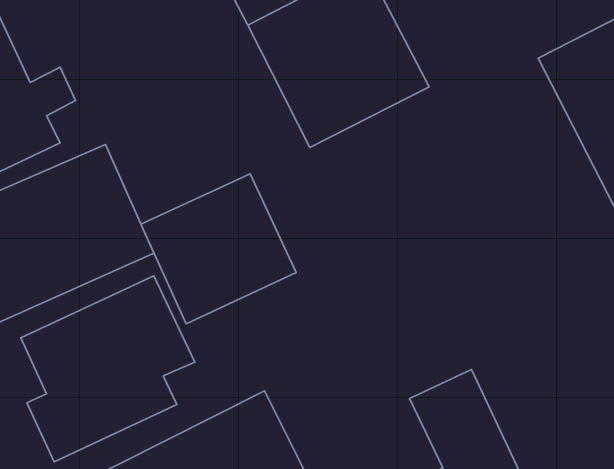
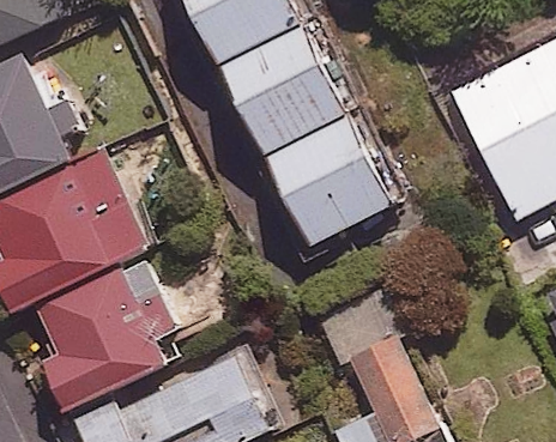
building: none -> [268,113,406,246]
building: [141,174,296,324] -> none

